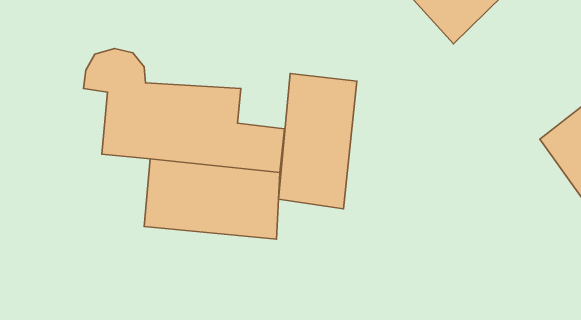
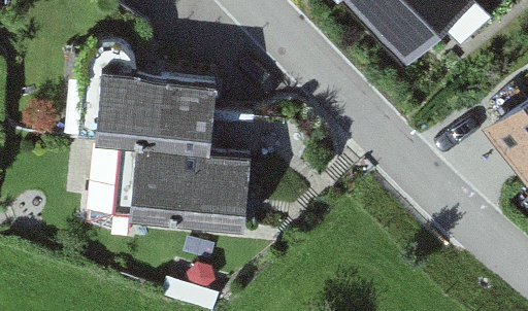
building: [279,73,357,209] -> none

